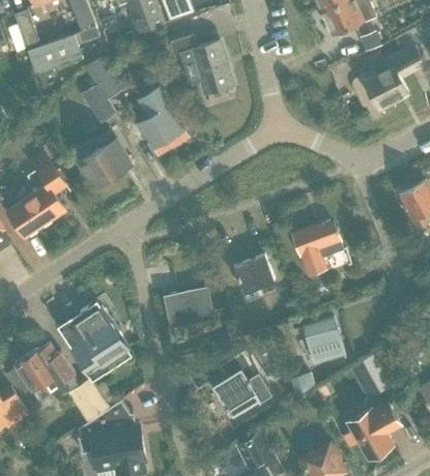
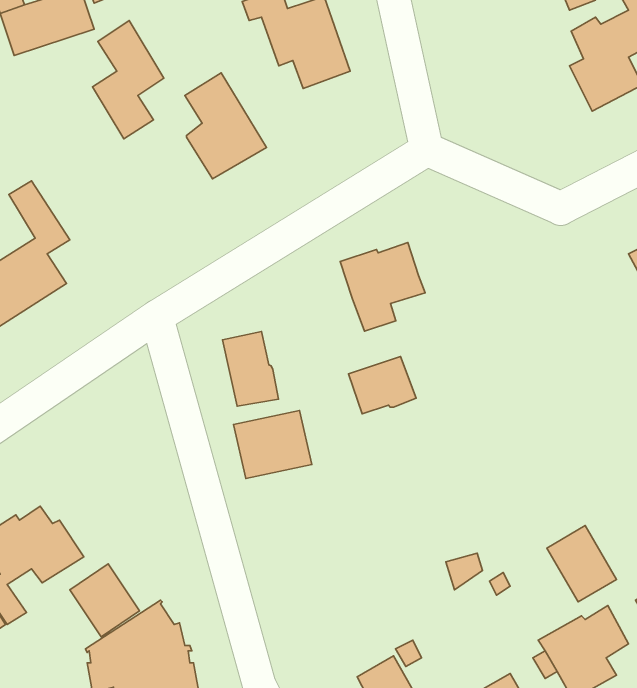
building: [71,140,131,187] -> none
building: [292,221,343,274] -> [340,242,425,331]
building: none -> [223,332,278,406]
building: [68,306,128,375] -> none
building: [303,318,344,359] -> none
building: [212,348,270,417] -> none

